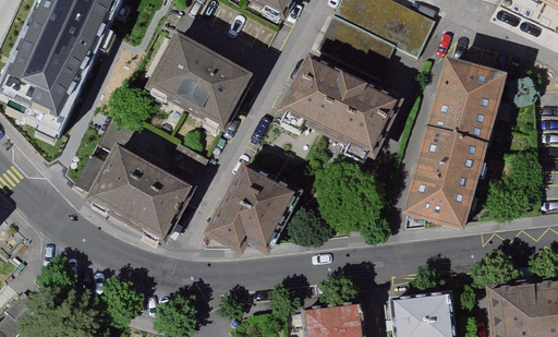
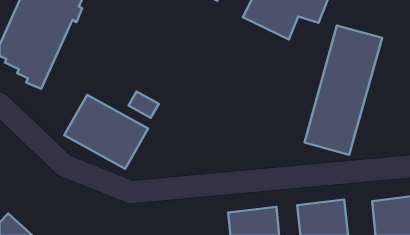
building: [146,28,260,134] -> none
building: [281,43,410,156] -> none
building: [206,159,301,251] -> none

